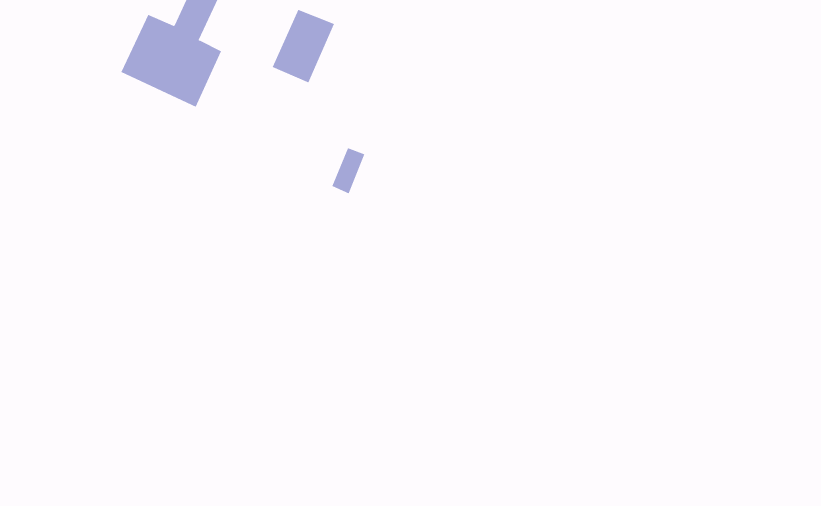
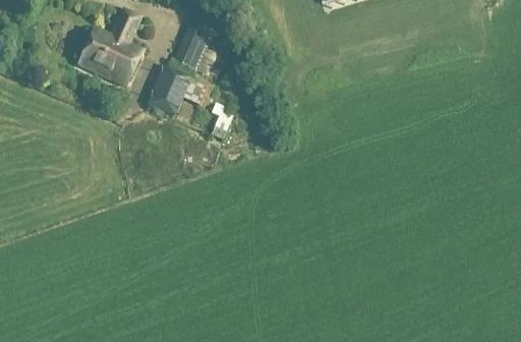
building: none -> [148,65,206,113]

